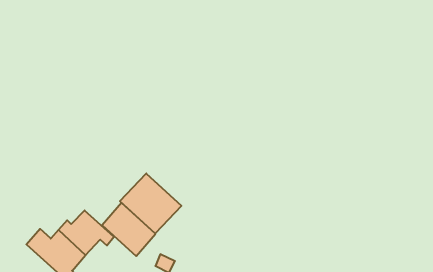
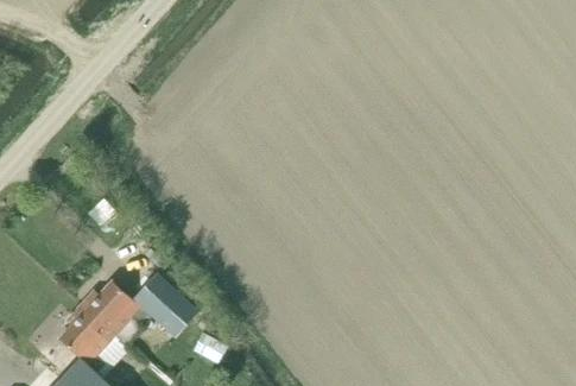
building: [120,173,181,233] -> none

